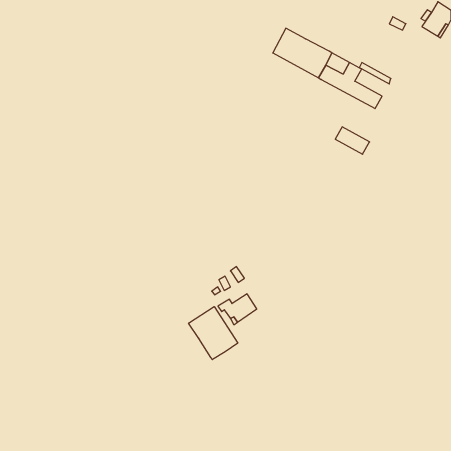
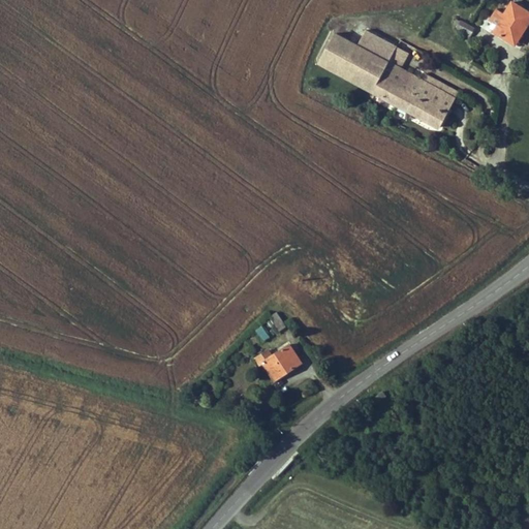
building: none -> [357,30,393,60]
building: [335,127,370,154] -> [415,81,456,113]
building: [189,307,238,360] -> none

